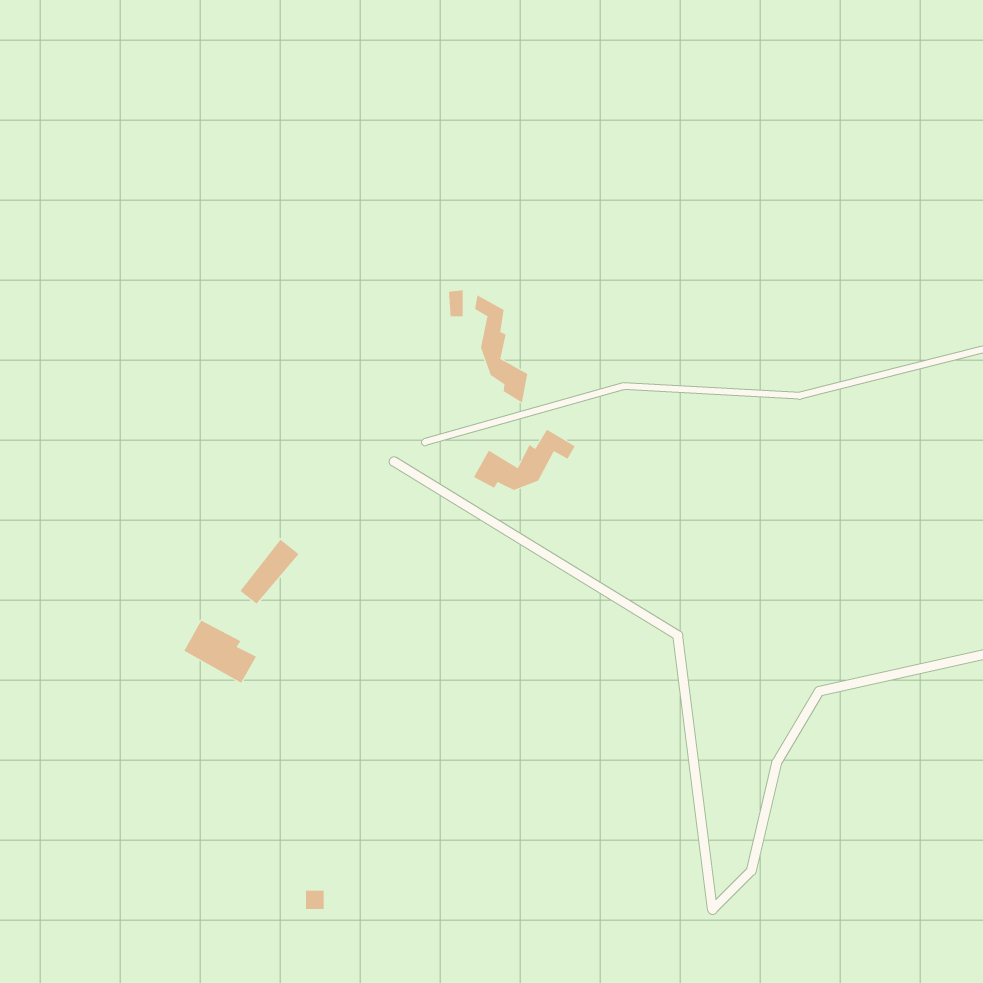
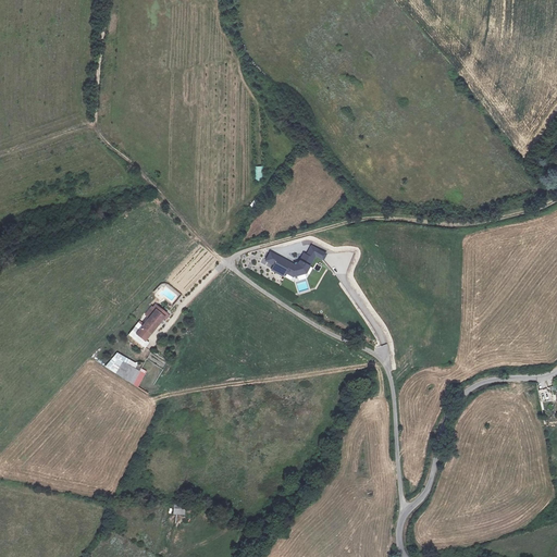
building: [475,294,528,404] -> none

